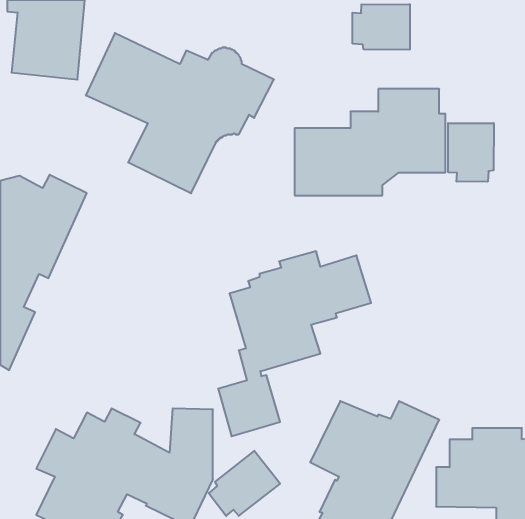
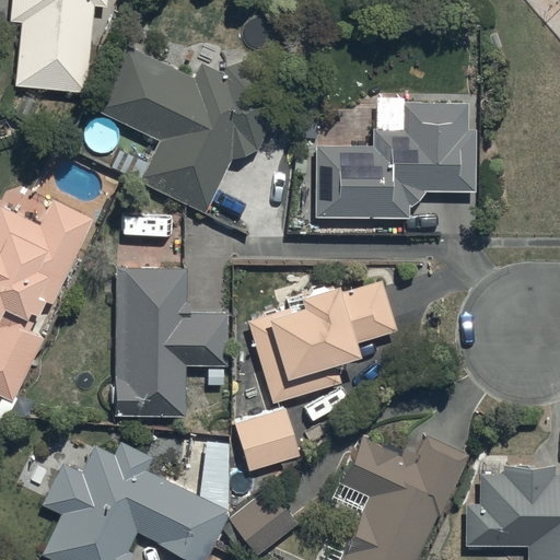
building: [352,4,410,50] -> none
building: [448,123,494,182] -> none
building: none -> [115,269,228,417]

